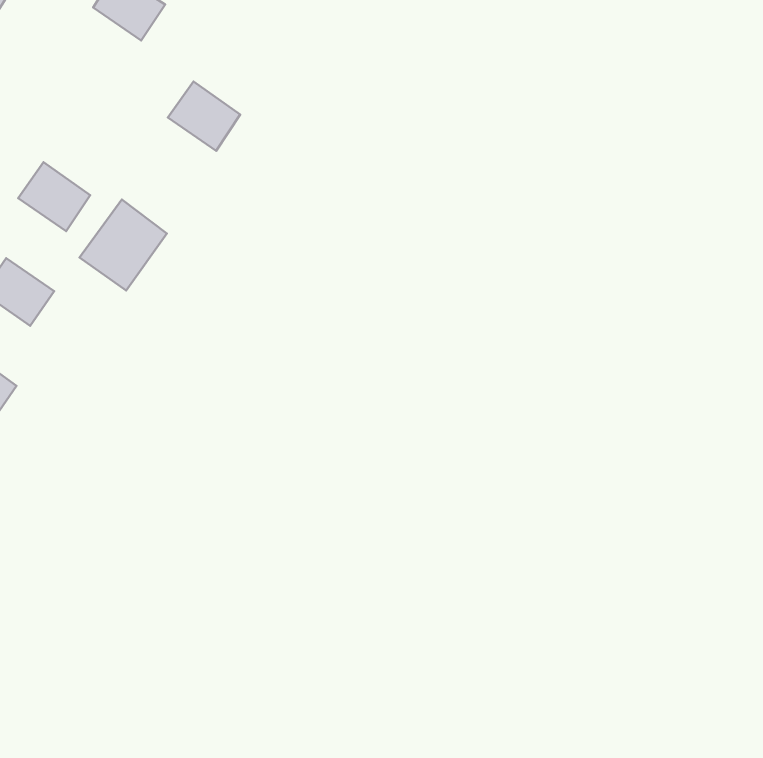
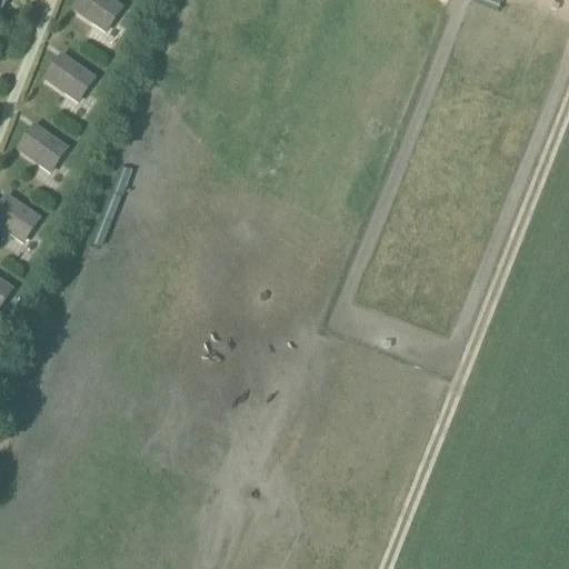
building: [168,82,240,151] -> [41,50,94,101]
building: [80,200,167,291] -> none

